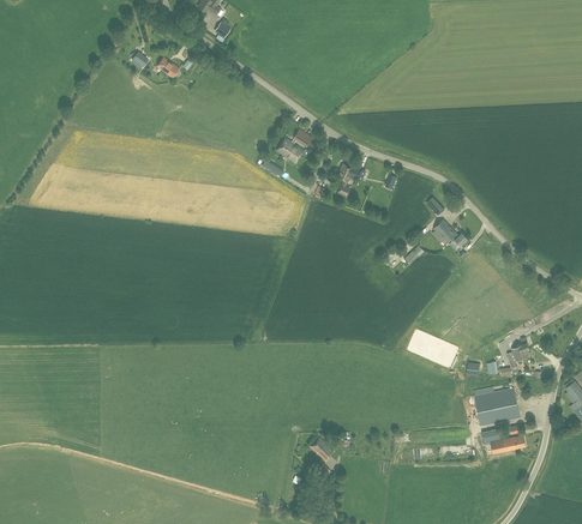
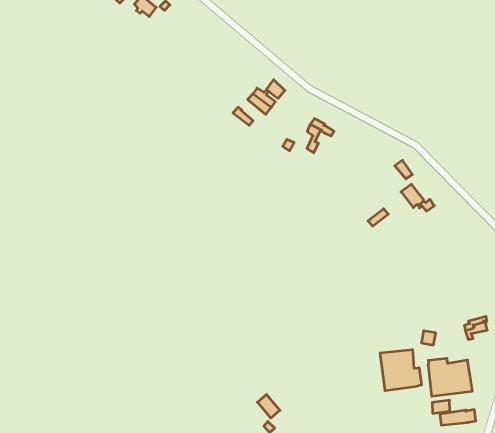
building: none -> [380,350,421,391]

